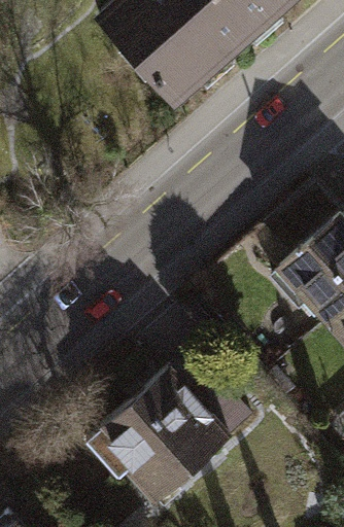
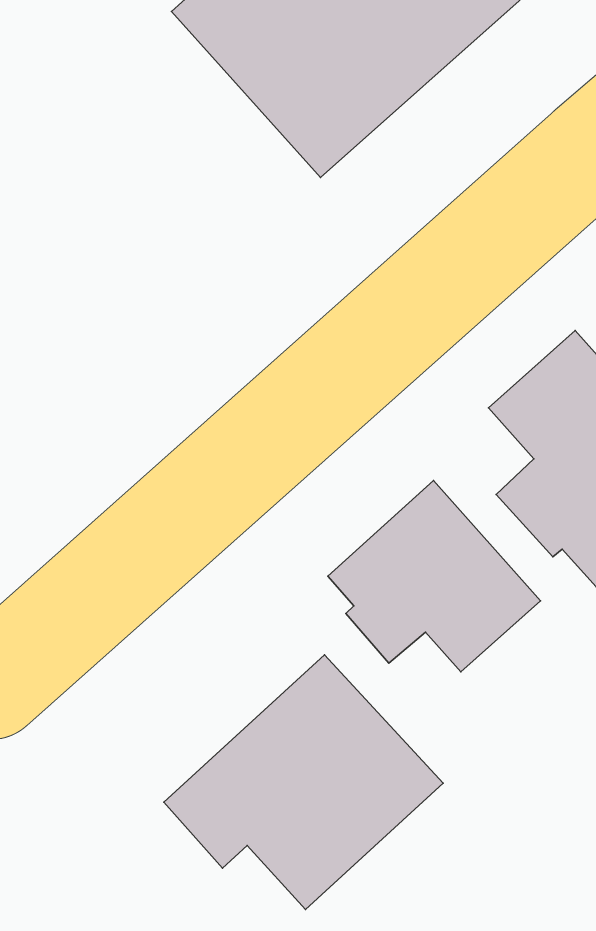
building: none -> [328,480,541,672]

